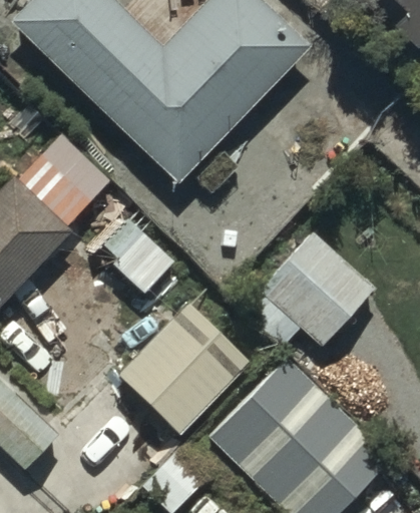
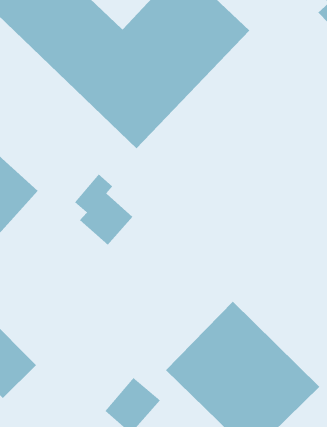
building: [243,233,375,349] -> none
building: [117,301,250,432] -> none

